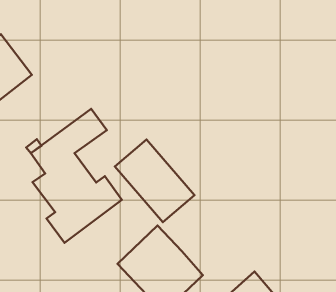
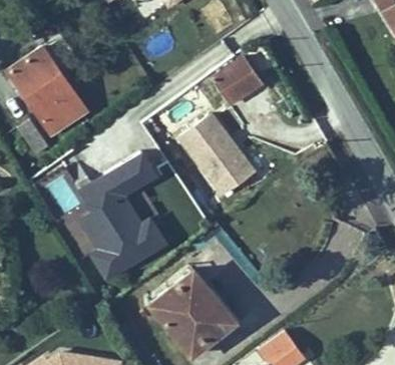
building: none -> [219,62,268,108]
building: [115,139,195,222] -> [179,113,254,195]

